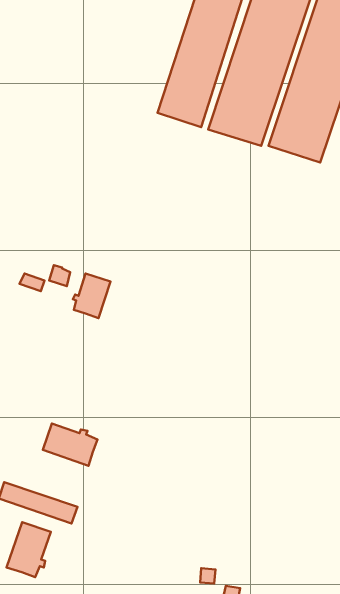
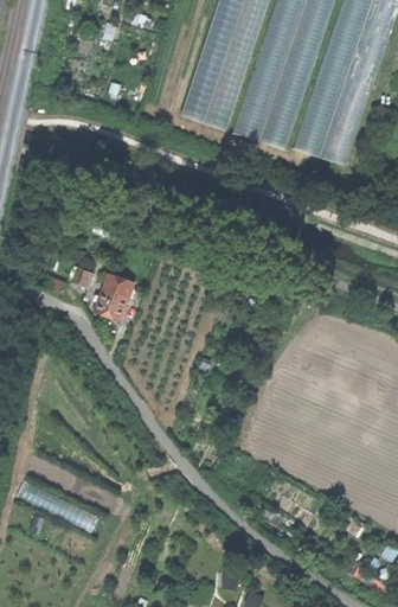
building: [43,423,97,466] -> none
building: [6,522,51,577] -> none

